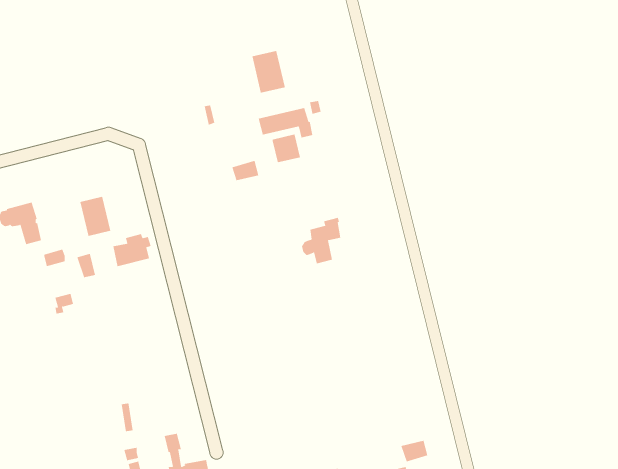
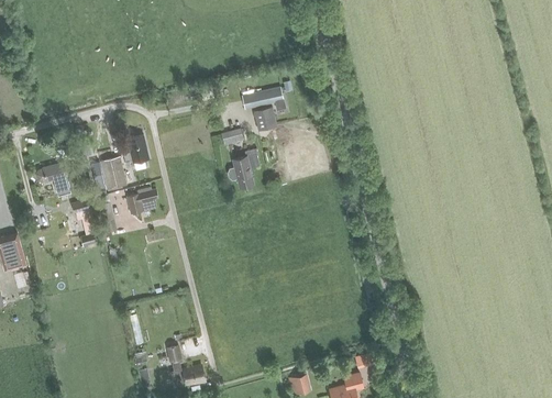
building: [252,50,285,94] -> none
building: none -> [124,135,148,167]
building: [301,217,341,264] -> [228,148,260,186]

